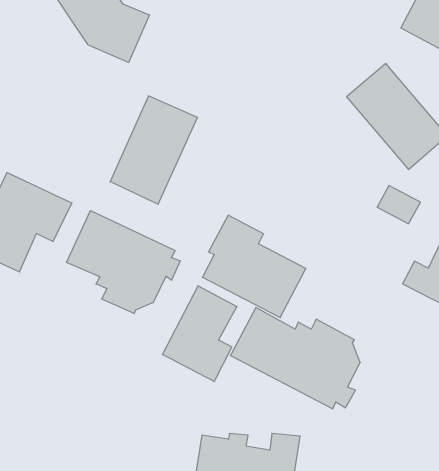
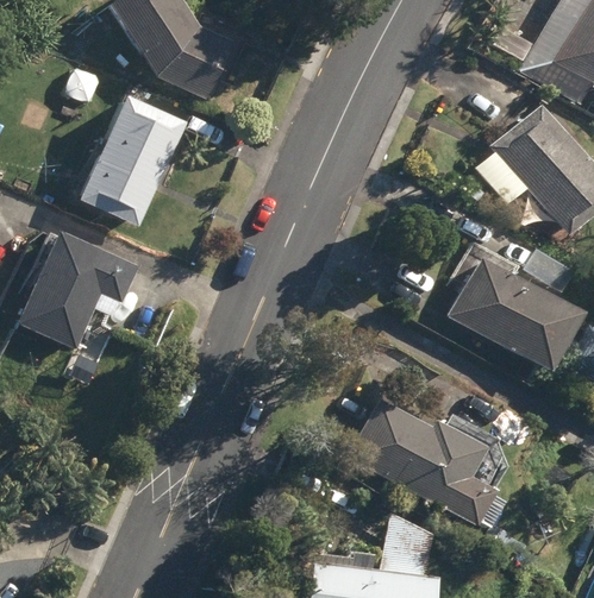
building: [110,96,198,204] -> [86,96,192,227]
building: [66,211,180,314] -> none
building: [202,215,306,318] -> [433,239,558,363]
building: [162,286,237,382] -> none

